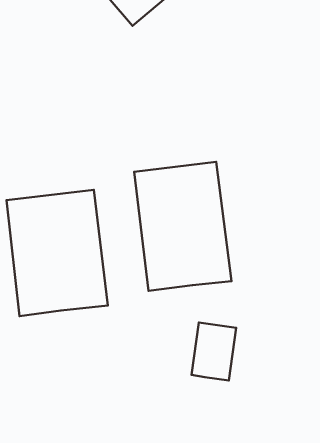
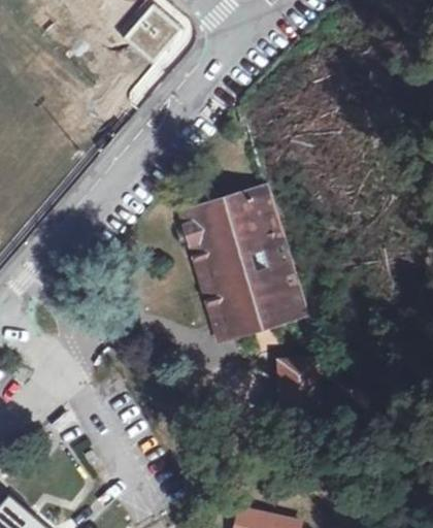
building: [7,190,108,316] -> none

